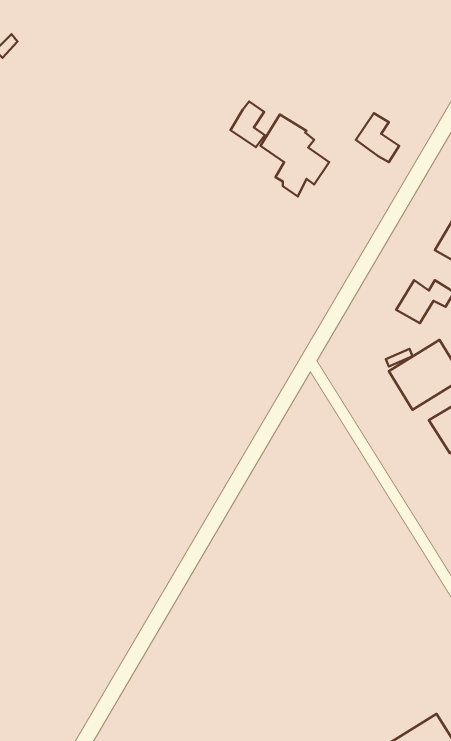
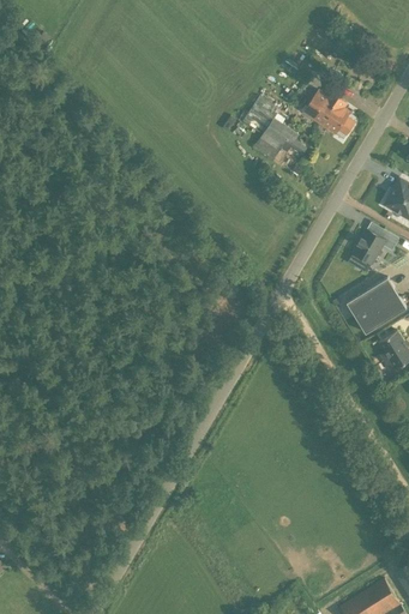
building: none -> [301,85,338,134]
building: [230,101,265,147] -> none

